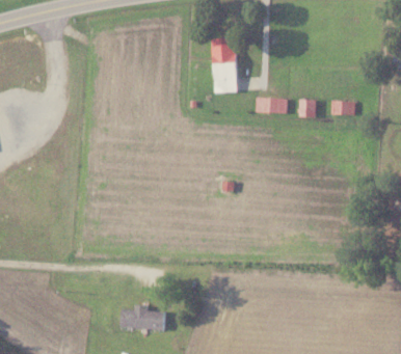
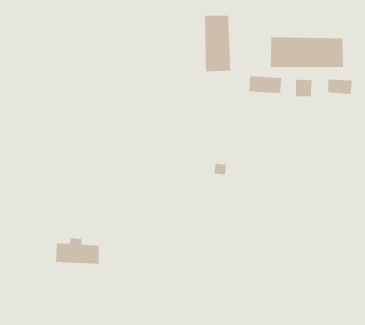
building: none -> [270,37,344,68]
building: [119,304,162,330] -> [55,238,100,265]

